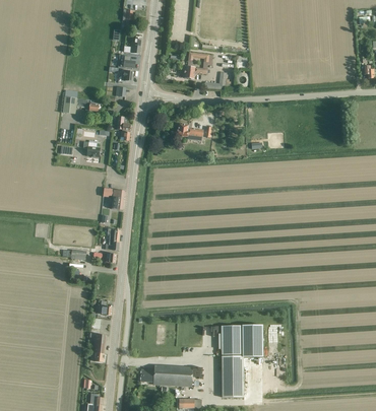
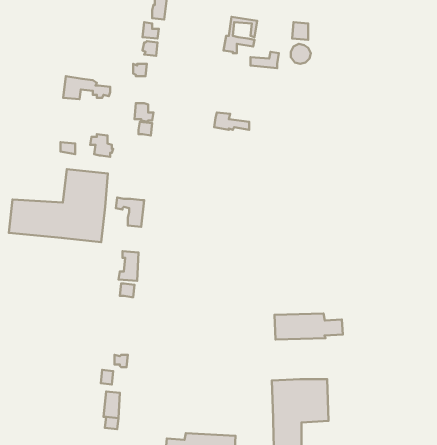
building: none -> [9,169,108,242]
building: none -> [275,314,343,340]

